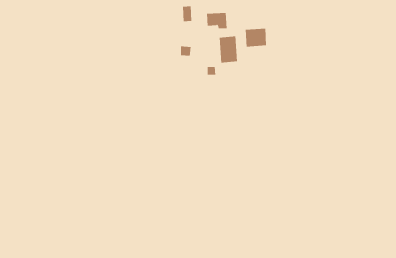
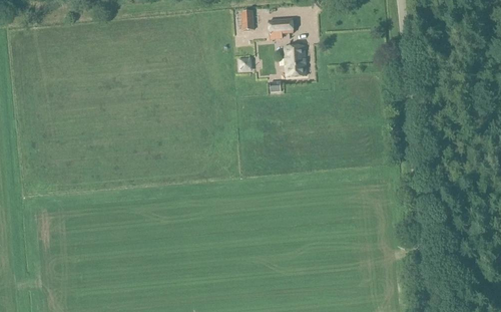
building: [245,28,267,47] -> none

